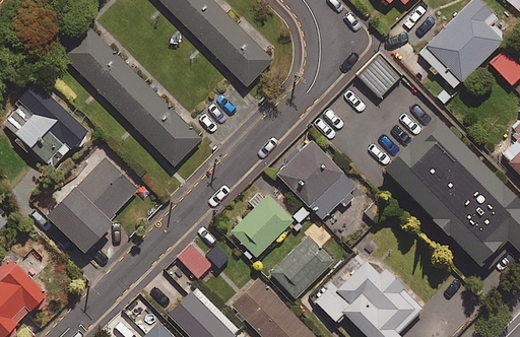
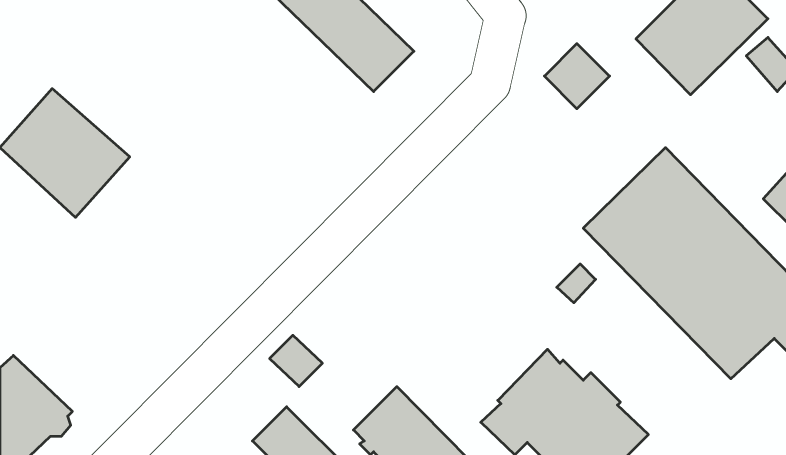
building: [62,28,199,163] -> none
building: [277,139,359,220] -> none
building: [44,156,142,249] -> none
building: [231,193,296,259] -> none
building: [271,235,334,298] -> none

